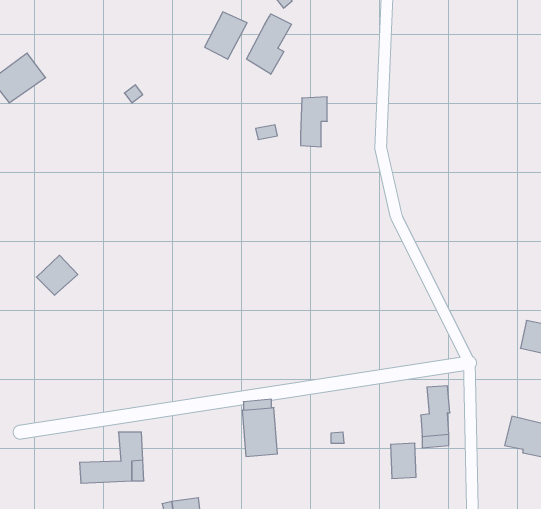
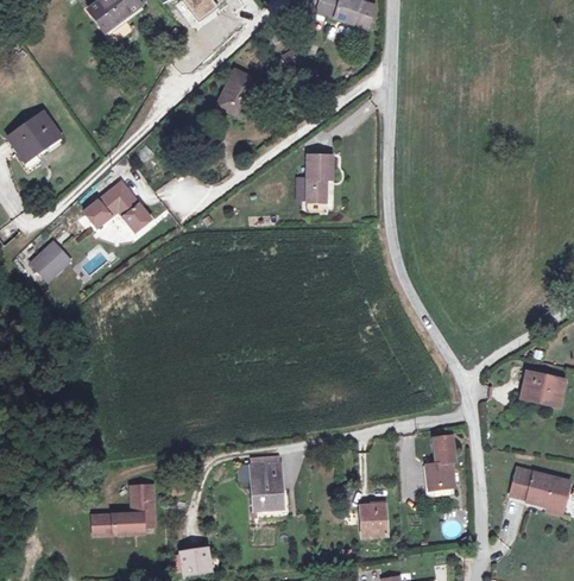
building: [247,14,291,74] -> none
building: none -> [83,182,152,232]
building: [36,255,78,295] -> [29,242,69,282]
building: [391,443,416,478] -> [359,503,384,537]

